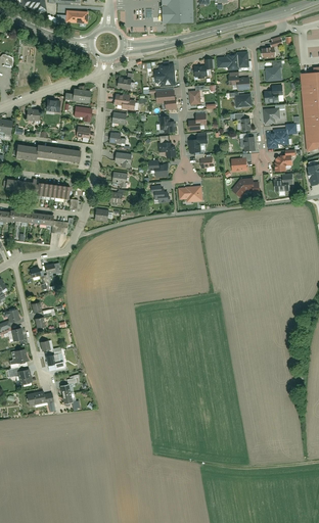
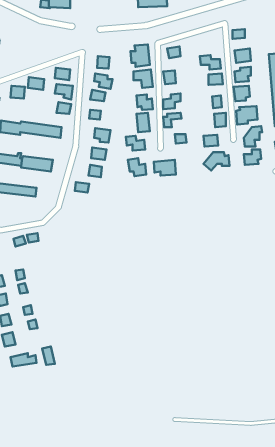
building: [217,52,248,70] -> none

